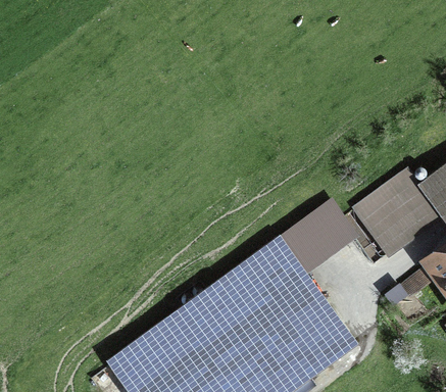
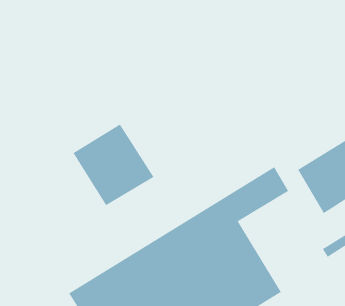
building: none -> [72,123,155,206]

